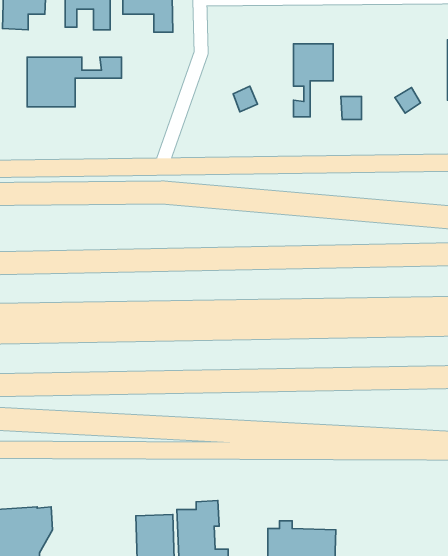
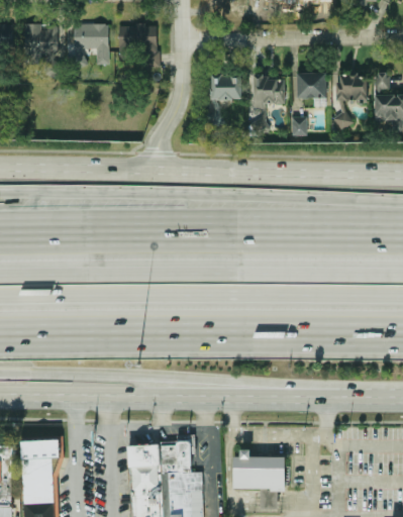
building: none -> [296,73,325,106]
building: none -> [336,74,367,102]
building: none -> [209,76,240,100]
building: [27,57,121,107] -> none

